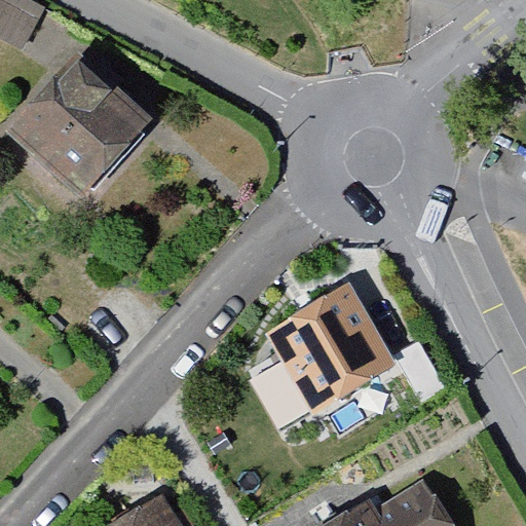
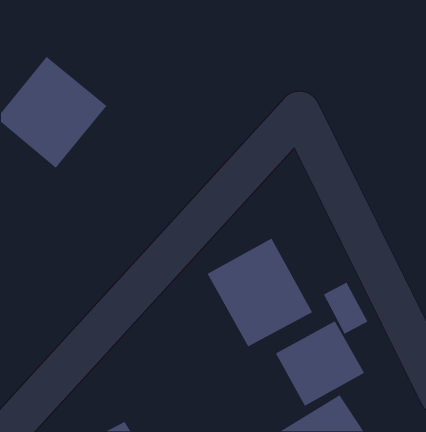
building: none -> [275,320,365,407]

